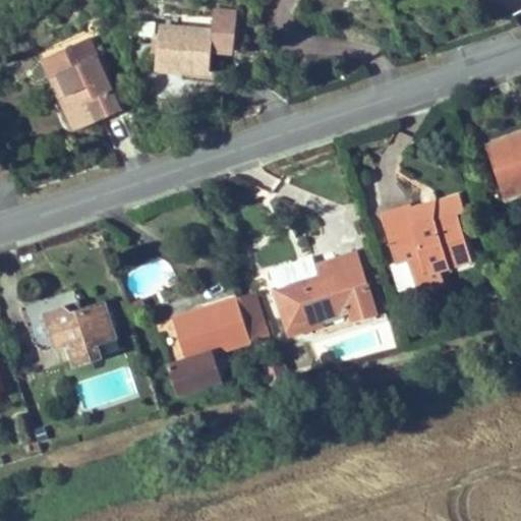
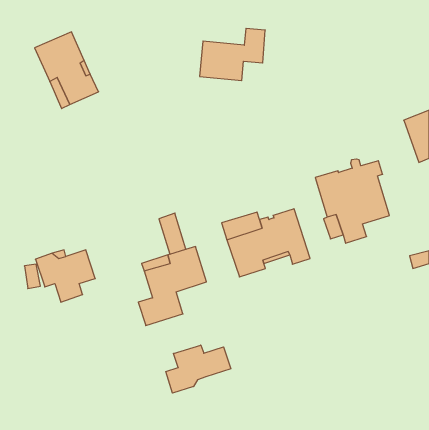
building: [156,10,235,73] -> [200,28,265,81]
building: [236,291,269,341] -> [159,213,186,254]
building: none -> [166,345,231,393]

